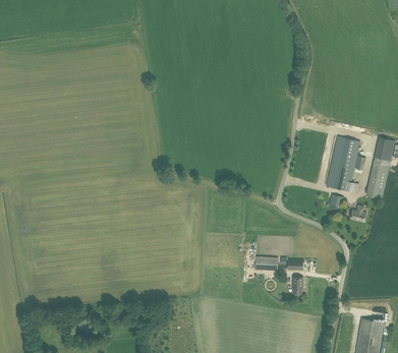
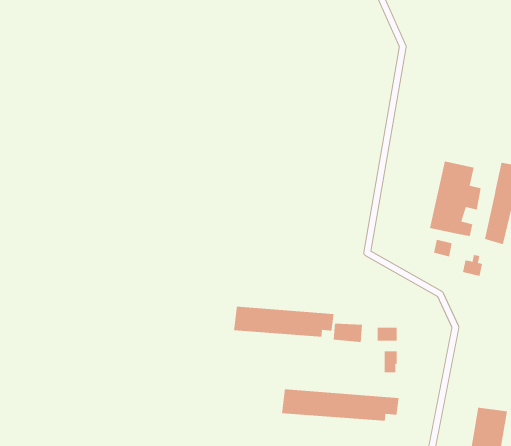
building: none -> [234,306,334,338]
building: none -> [282,389,399,422]

